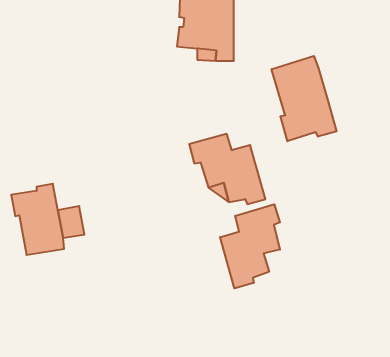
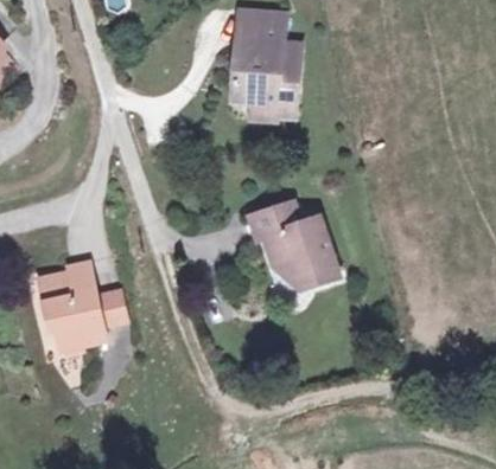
building: [272,56,337,141] -> none
building: [220,204,280,288] -> none

